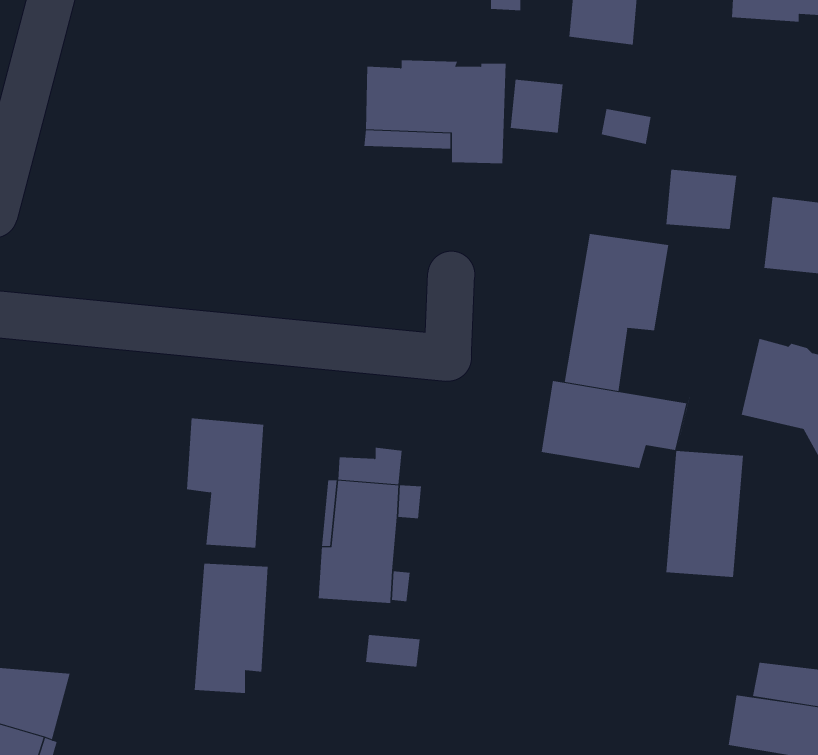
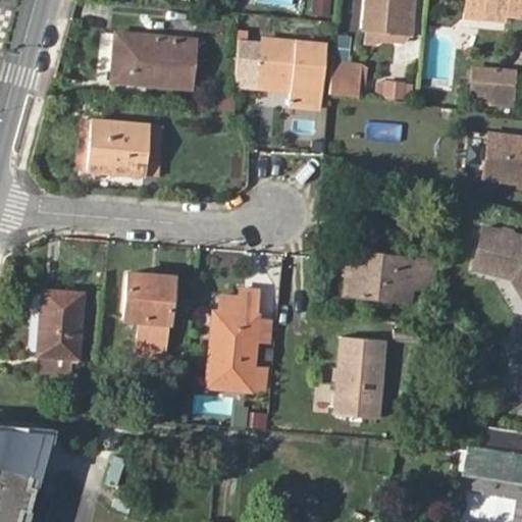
building: none -> [118,40,201,92]
building: [666,169,737,229] -> [467,62,512,100]
building: none -> [93,126,168,181]
building: [564,233,669,392] -> none
building: [666,450,744,577] -> [336,335,385,415]
building: [194,563,269,693] -> [36,290,83,371]

